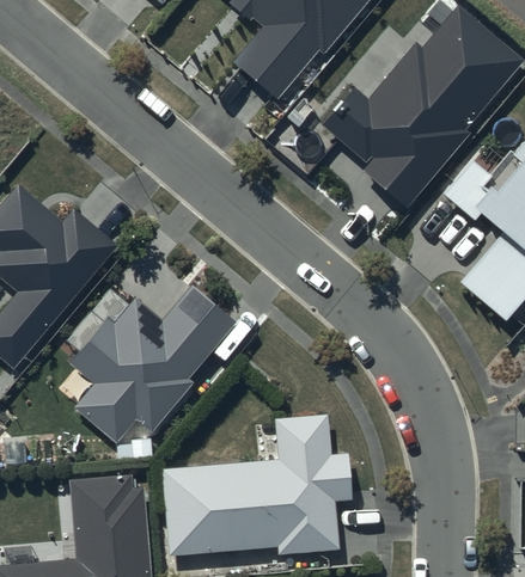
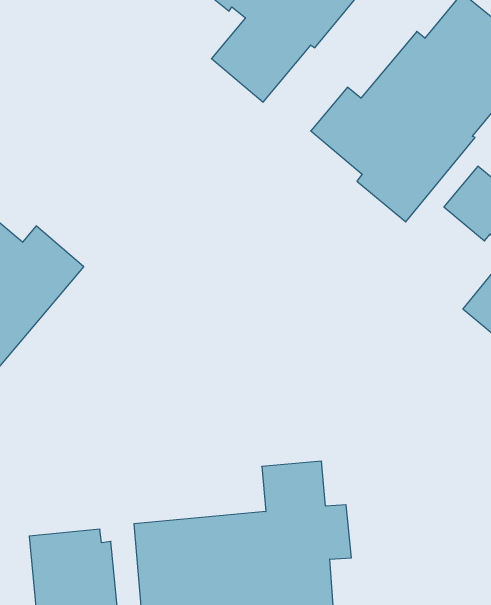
building: [71,284,238,443] -> none

